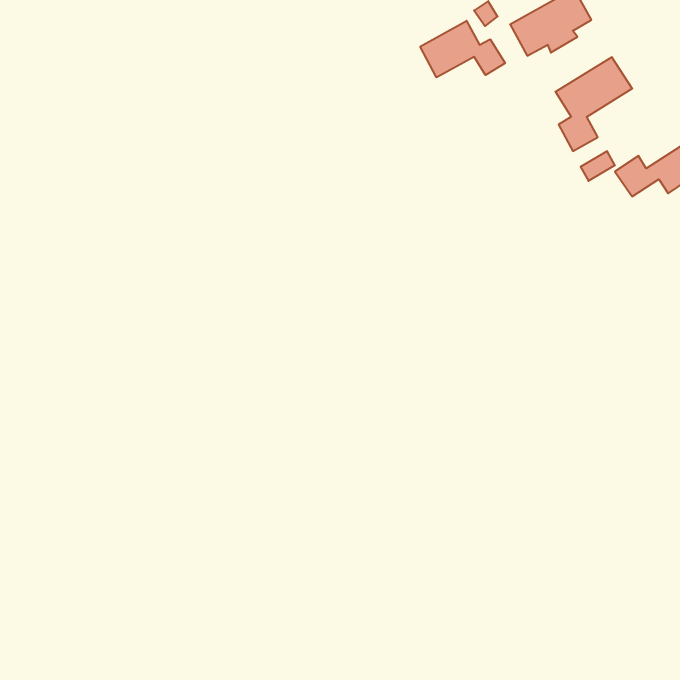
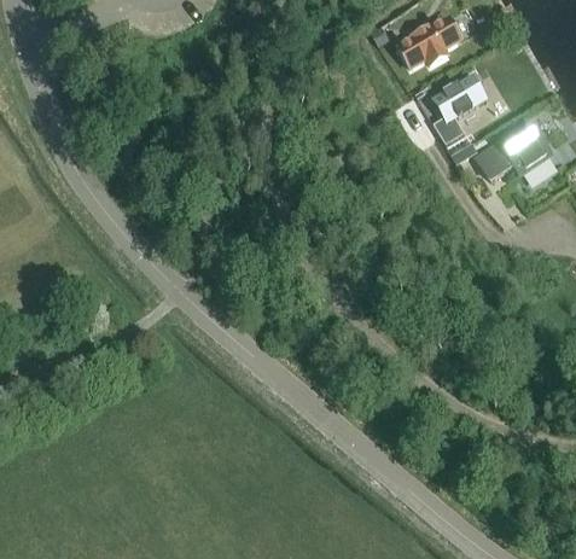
building: [420,21,505,77] -> none

